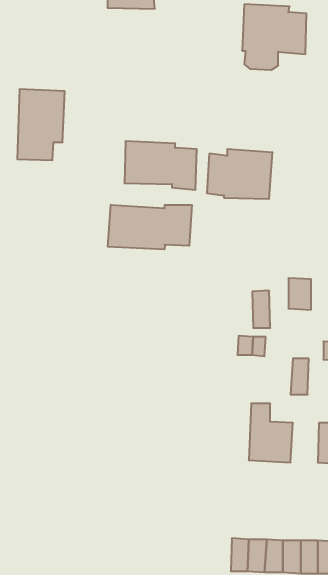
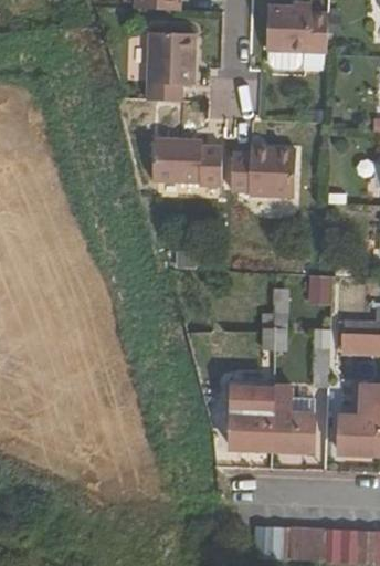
building: [17,89,65,160] -> [146,30,192,99]
building: [108,205,192,249] -> none
building: none -> [230,386,273,450]

